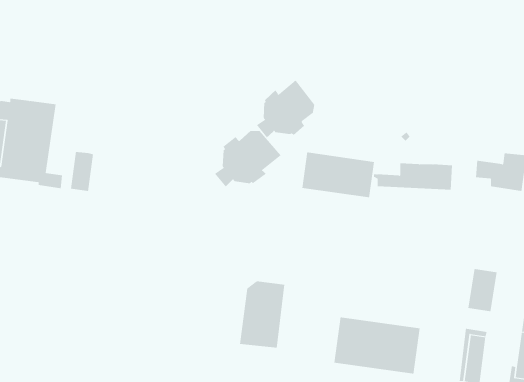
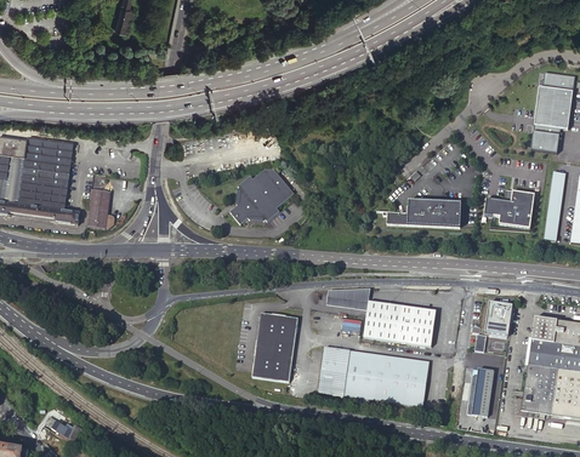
building: [256,80,315,138] -> none
building: [302,152,375,198] -> [364,301,436,345]
building: none -> [319,347,351,395]

